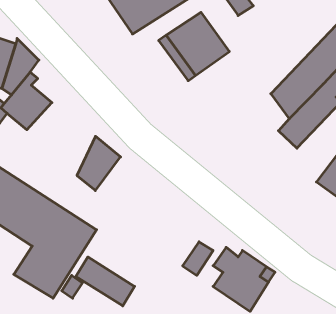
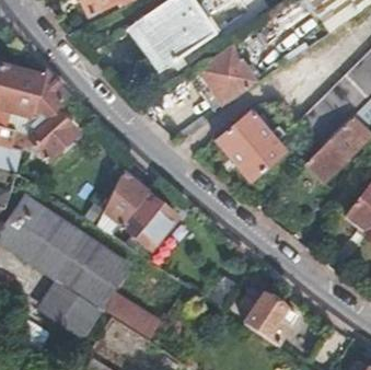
building: none -> [217,113,287,181]
building: none -> [123,190,178,247]

